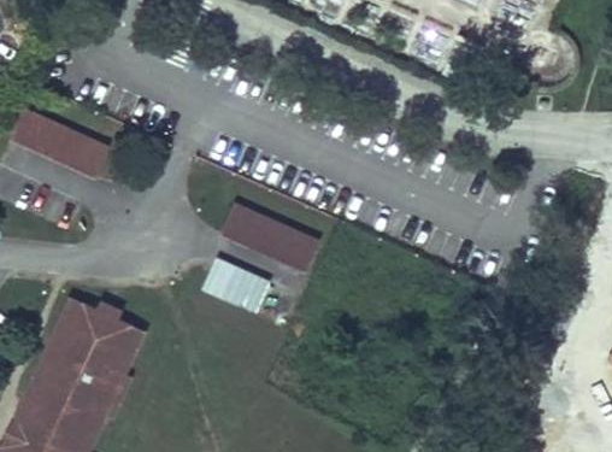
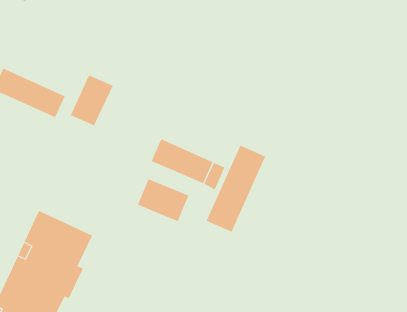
building: none -> [70,74,114,126]
building: none -> [206,145,266,232]

